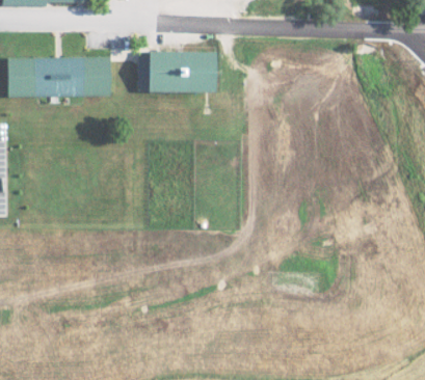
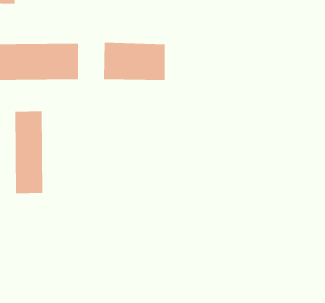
building: none -> [15,111,43,194]

